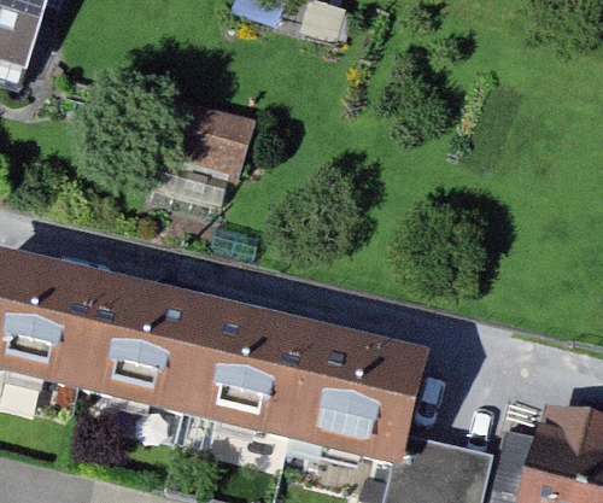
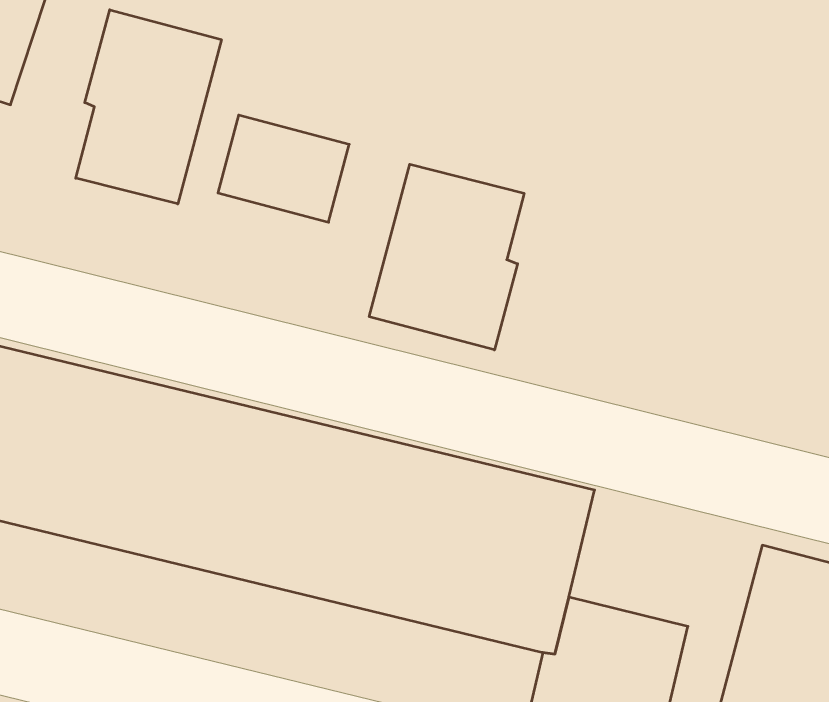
building: none -> [76,10,221,204]
building: none -> [369,164,524,350]

